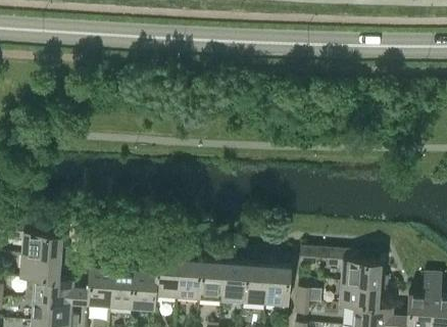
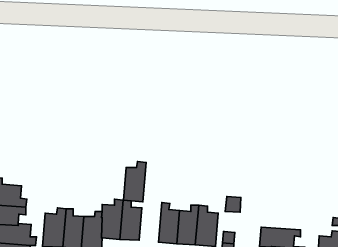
building: [327,248,387,285] -> none
building: [198,252,225,299] -> [123,161,146,202]

